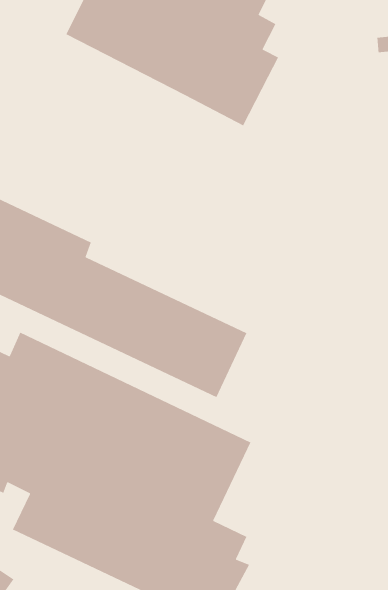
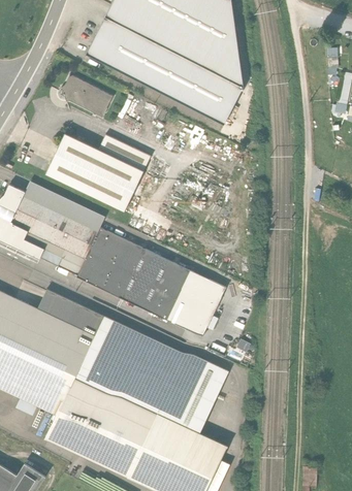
building: none -> [61,75,113,117]
building: none -> [45,135,149,211]

